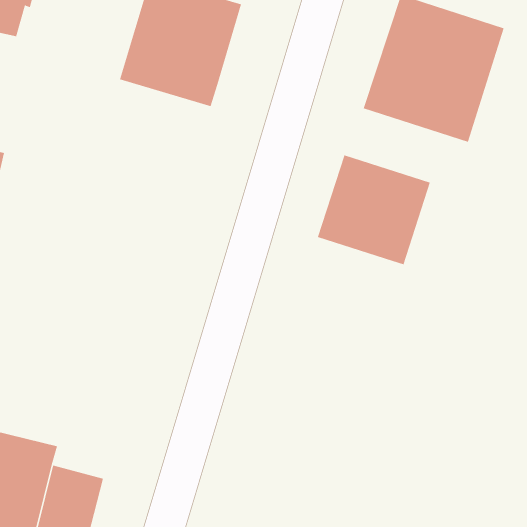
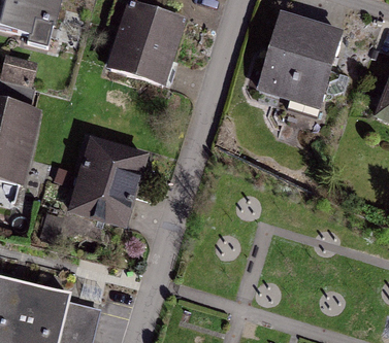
building: [317,154,431,265] -> none
building: none -> [66,137,144,228]

